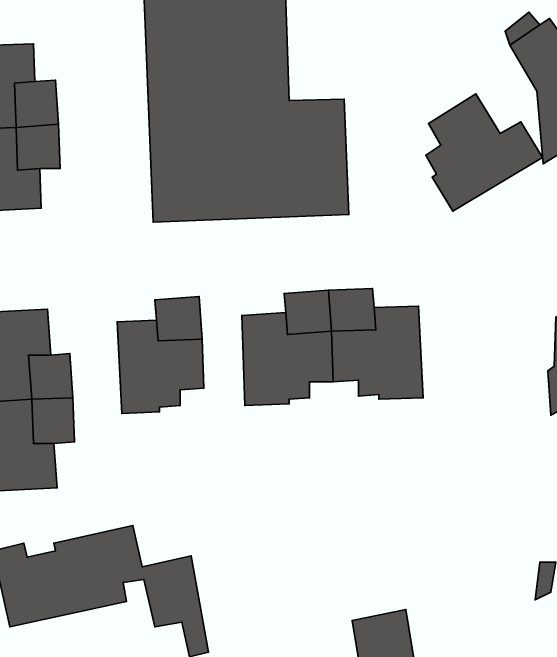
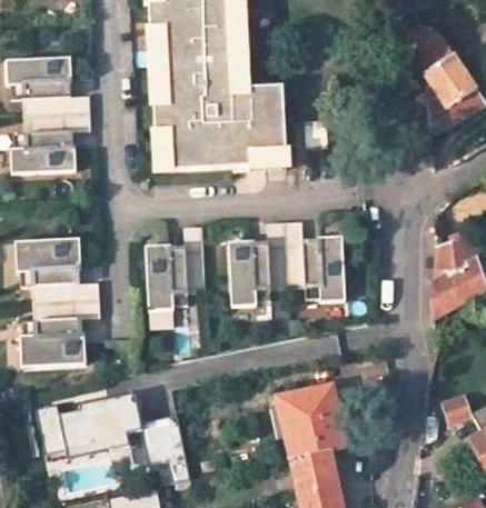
building: [426,94,543,211] -> none
building: none -> [284,391,348,458]

